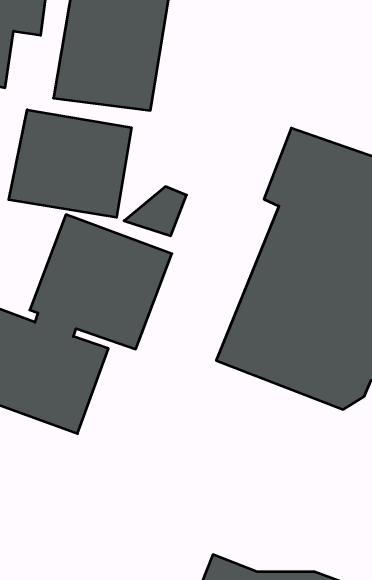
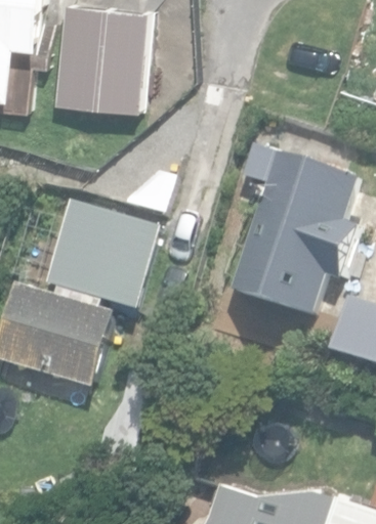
building: [9,110,131,217] -> none

